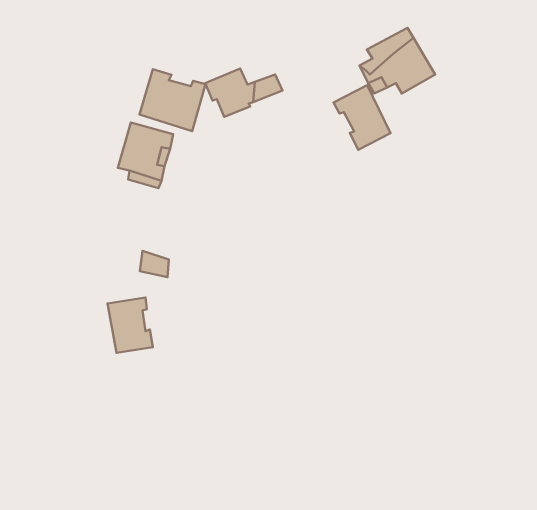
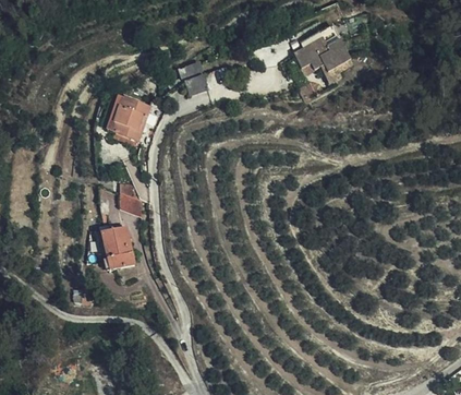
building: [139,69,206,131] -> none
building: [334,85,391,150] -> none

